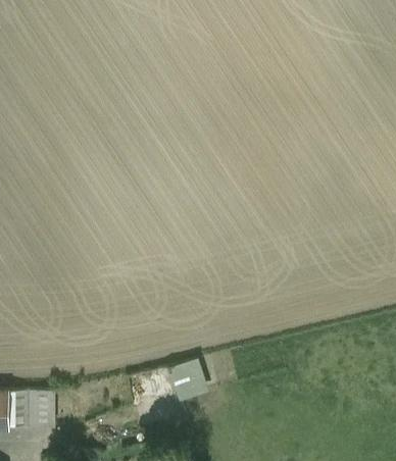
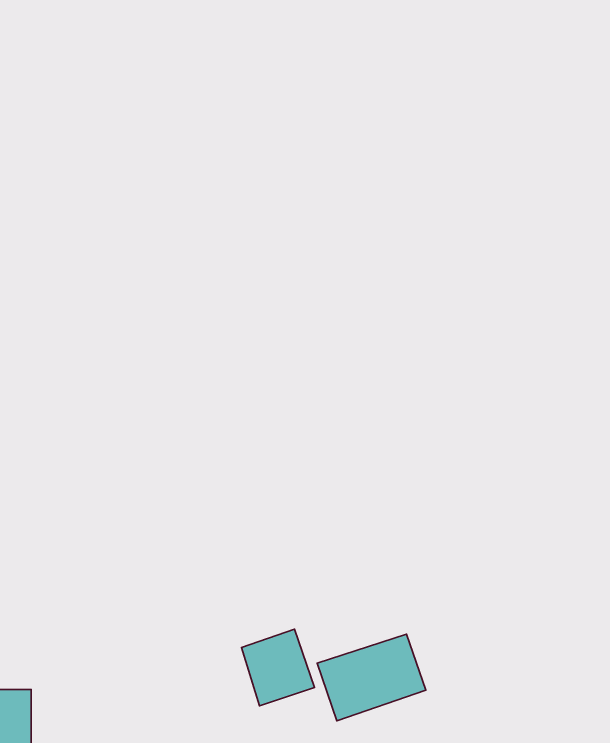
building: none -> [317,634,426,721]

